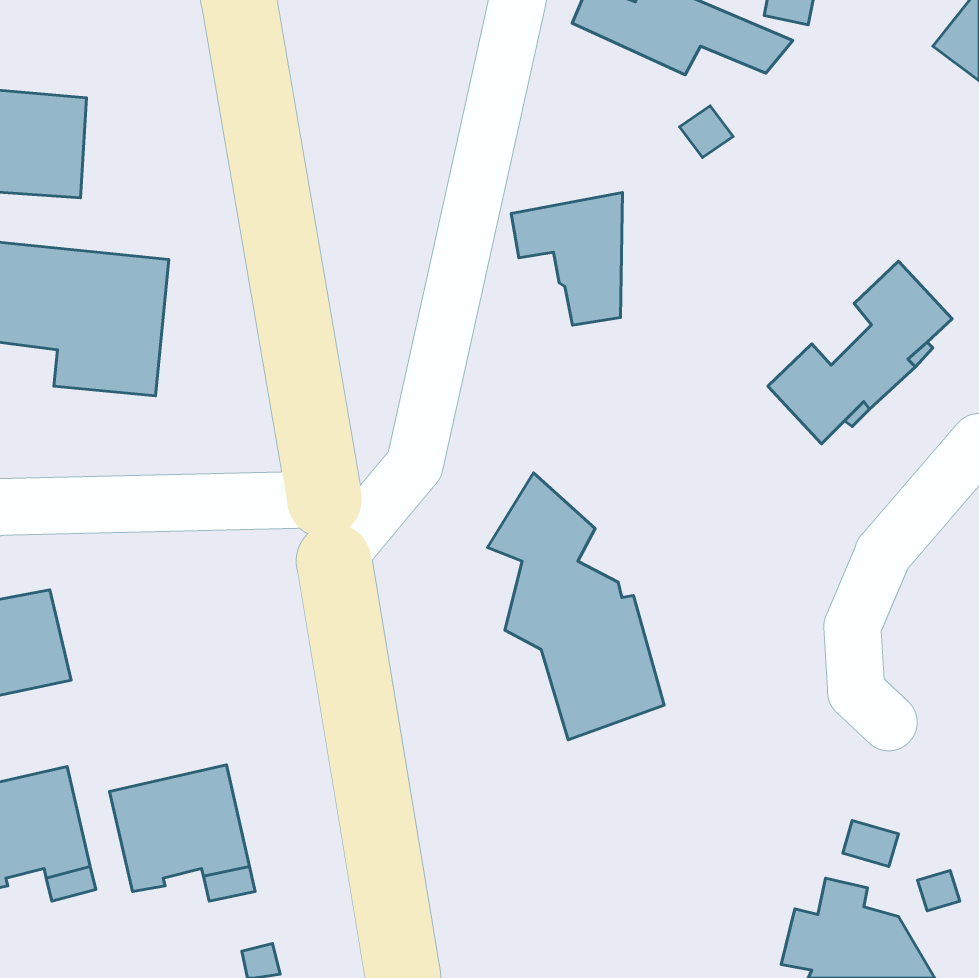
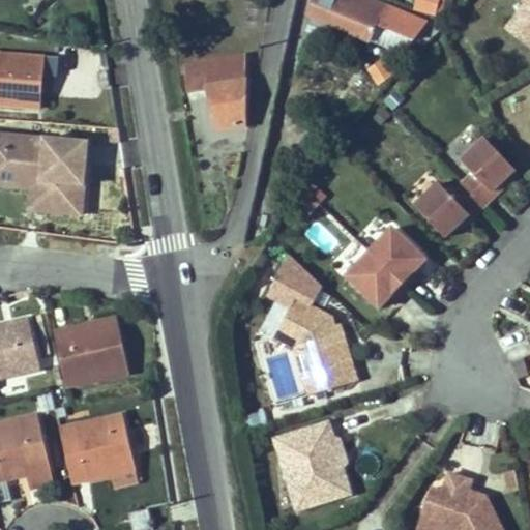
building: [511,193,623,325] -> [183,55,243,126]
building: none -> [342,224,426,308]
building: none -> [54,316,126,383]
building: none -> [273,424,349,512]

